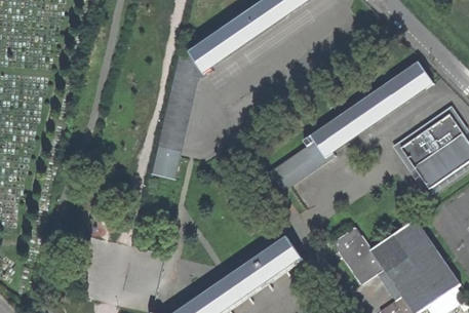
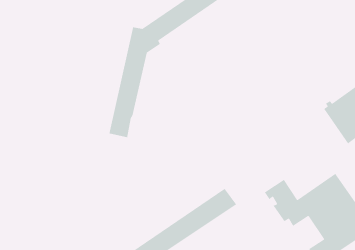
building: [268,62,431,190] -> none

